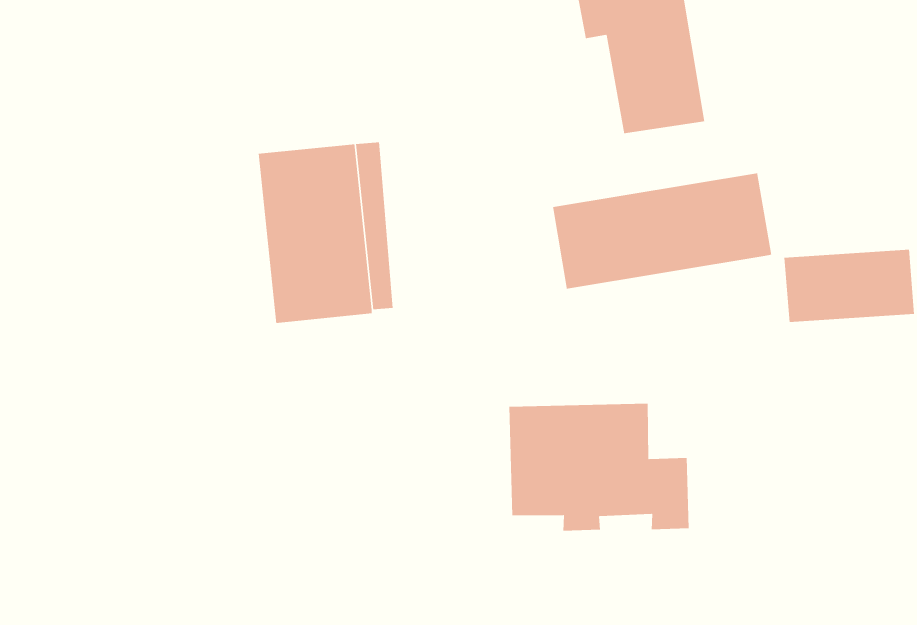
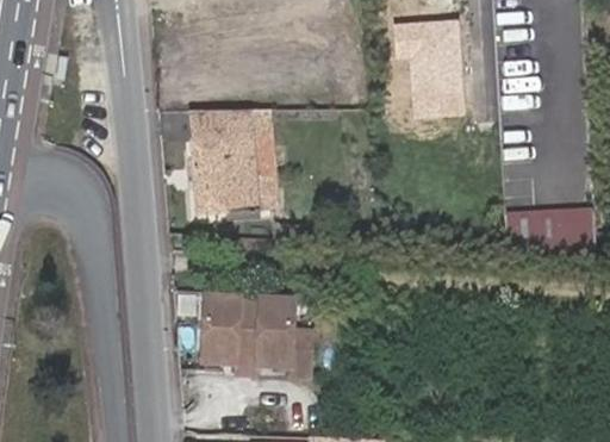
building: [552,172,772,290] -> none
building: [508,403,689,531] -> [203,291,315,375]

